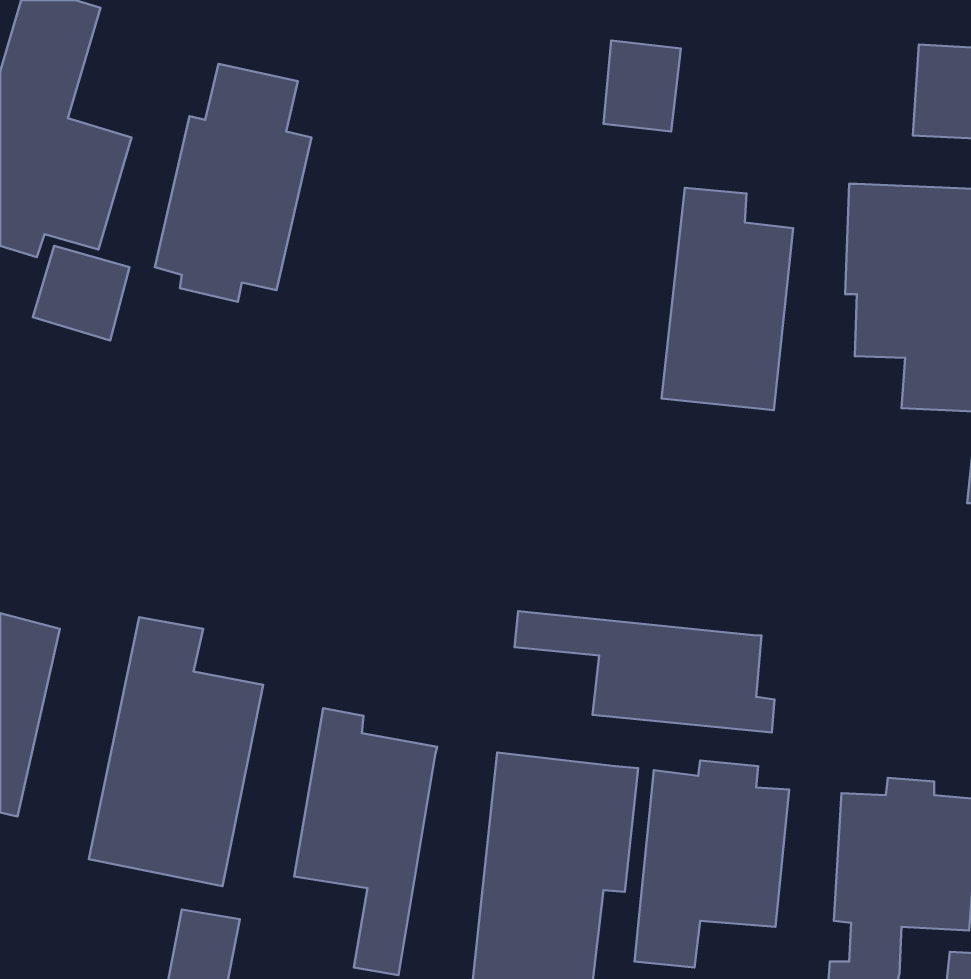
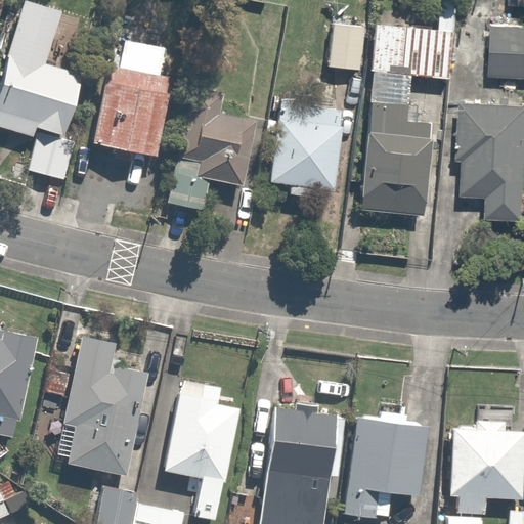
building: none -> [374,15,458,82]
building: none -> [170,87,252,206]
building: none -> [270,105,344,202]
building: [515,611,774,732] -> none

